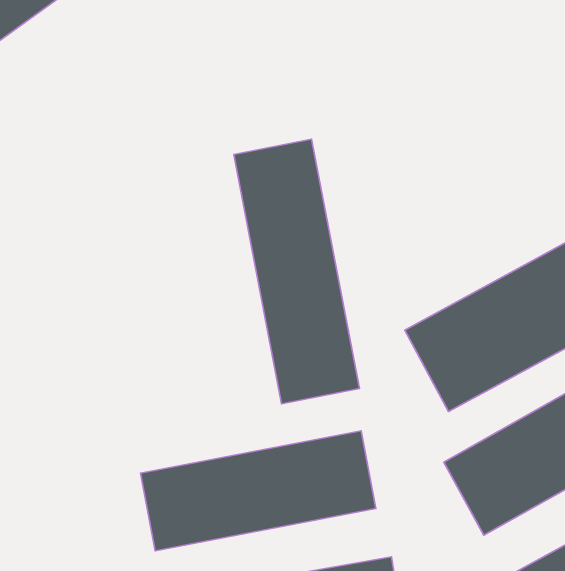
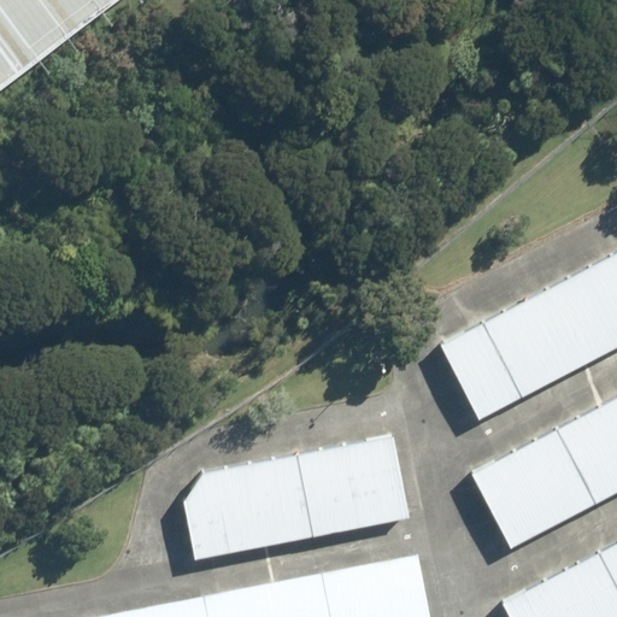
building: [234,139,359,404] -> none

